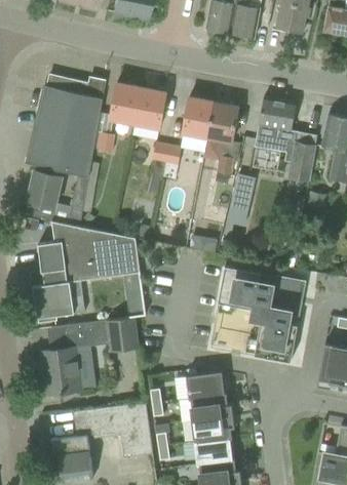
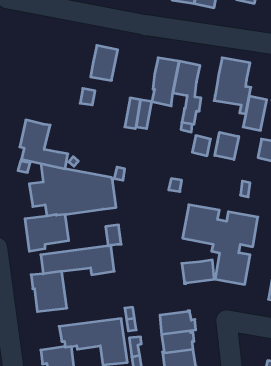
building: [29,74,106,177] -> none
building: [134,87,166,128] -> none
building: none -> [215,132,239,160]
building: [186,371,225,399] -> [182,260,215,284]

